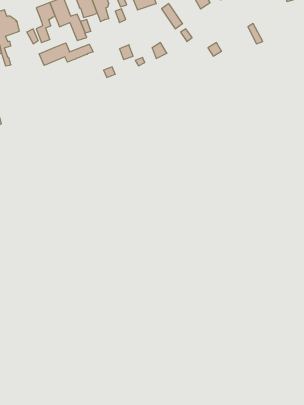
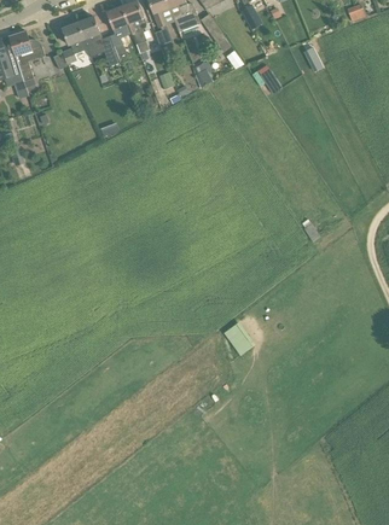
building: [39,43,93,65] -> none

